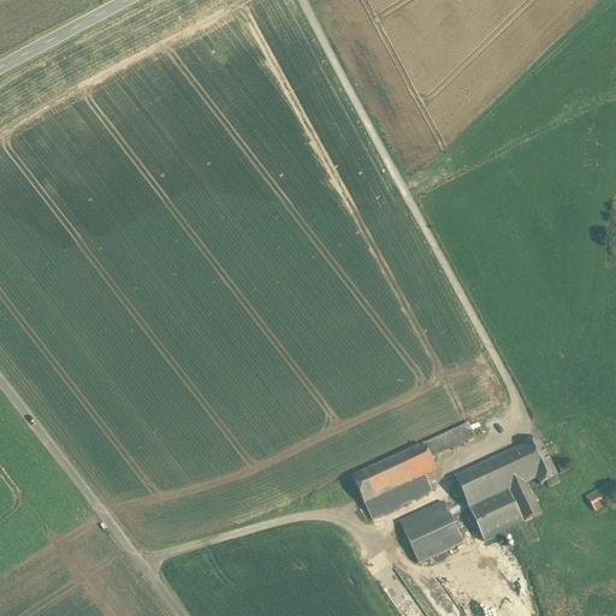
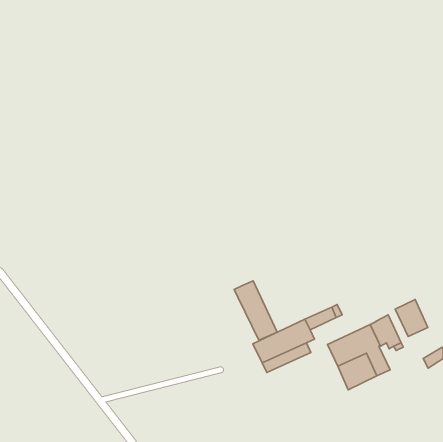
building: none -> [234,281,277,340]
building: none -> [395,299,428,337]
building: [398,499,462,561] -> none

